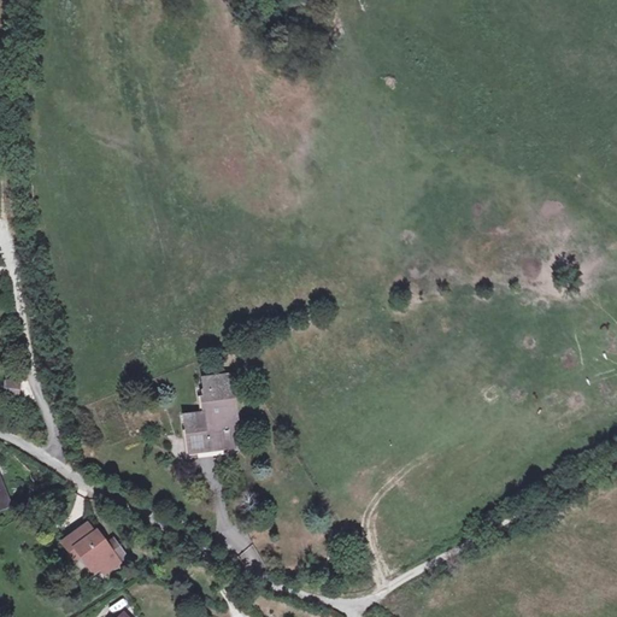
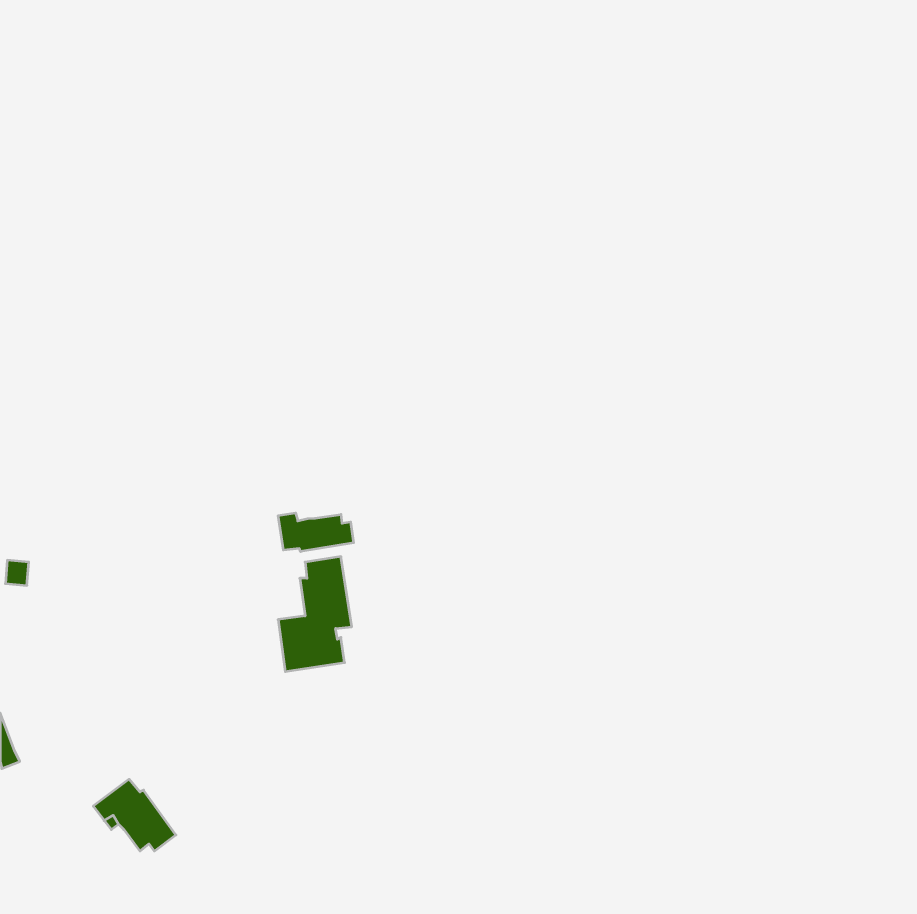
building: none -> [278,513,354,552]

